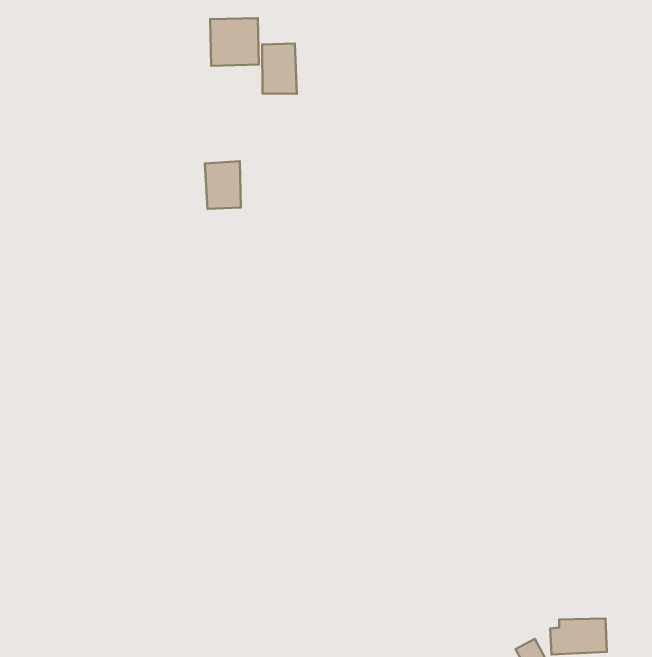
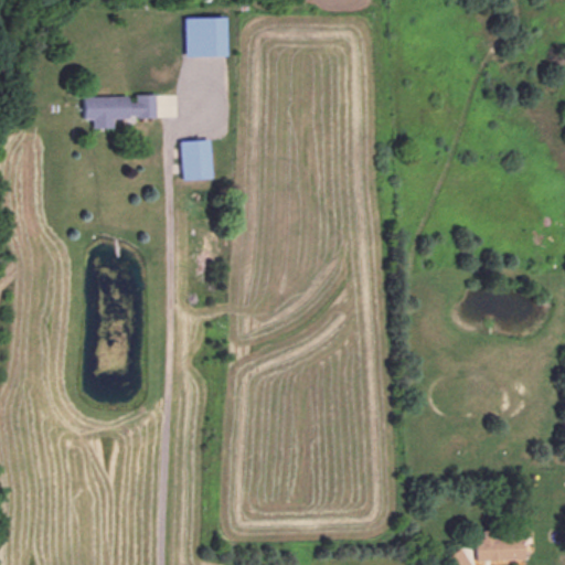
building: [262,44,297,94] -> none
building: none -> [84,95,157,128]

